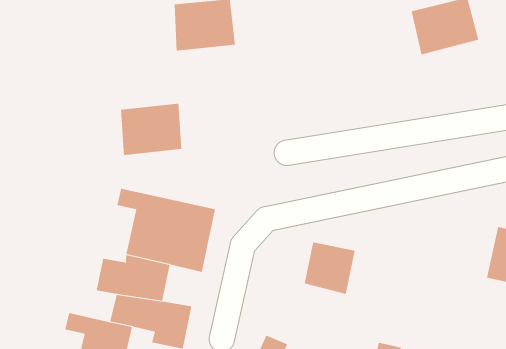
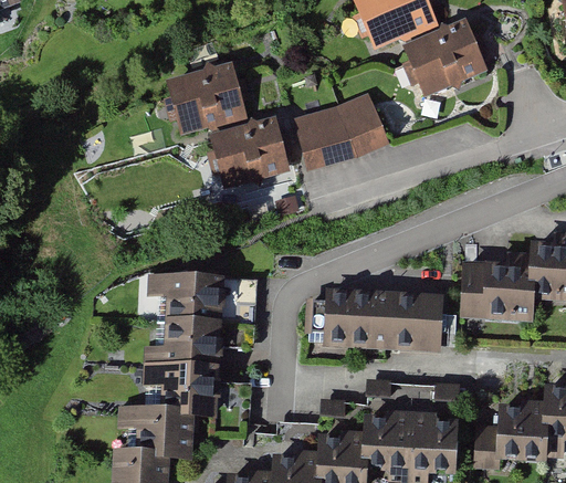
building: none -> [300,106,386,160]
building: [120,103,182,155] -> [217,120,285,182]
building: none -> [460,266,533,321]
building: none -> [308,292,353,337]
building: none -> [396,295,439,343]

